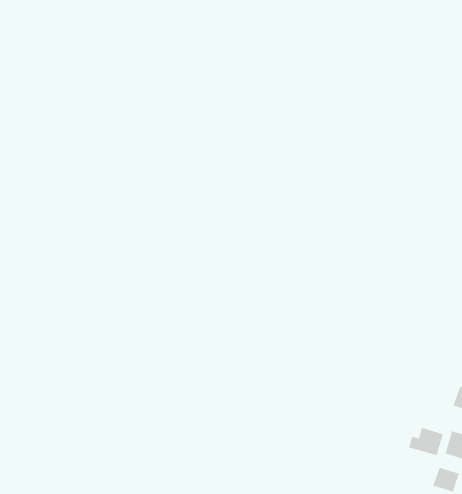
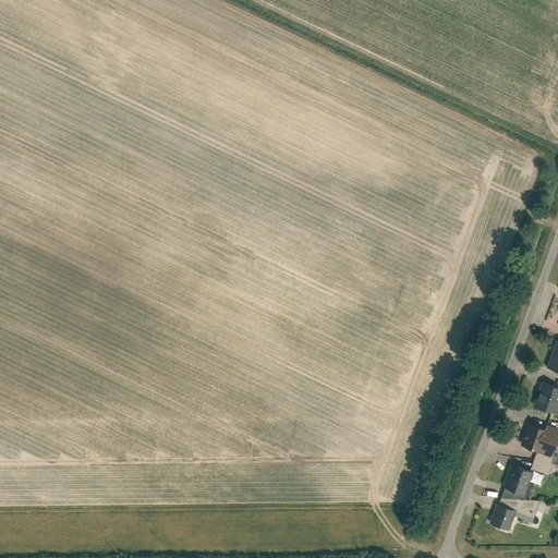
building: [408,427,444,456] -> none

